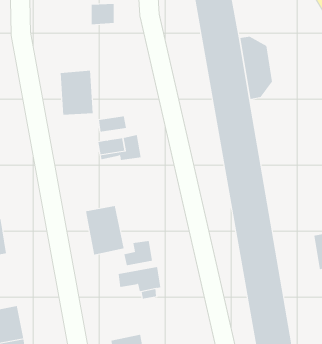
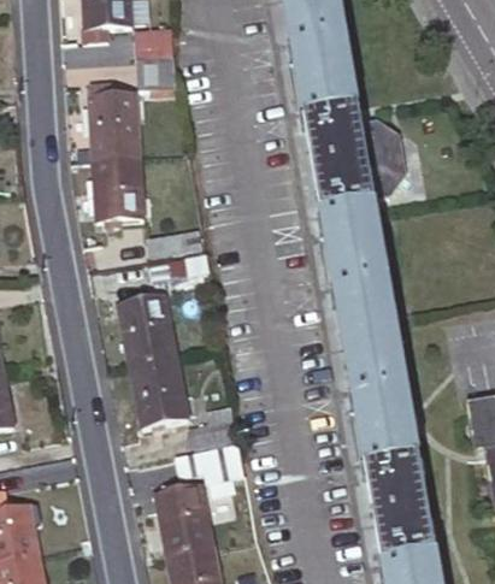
building: none -> [89,93,139,160]
building: none -> [118,295,175,365]
building: none -> [155,484,212,556]

